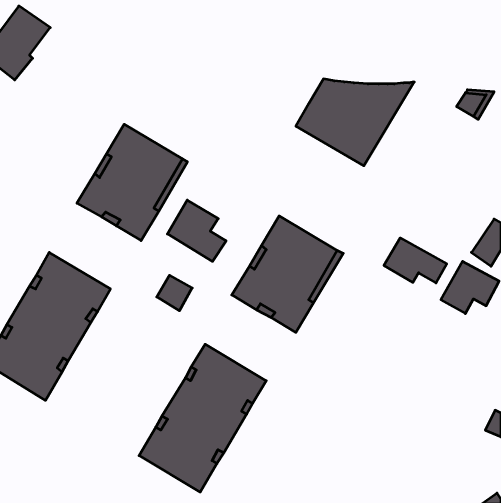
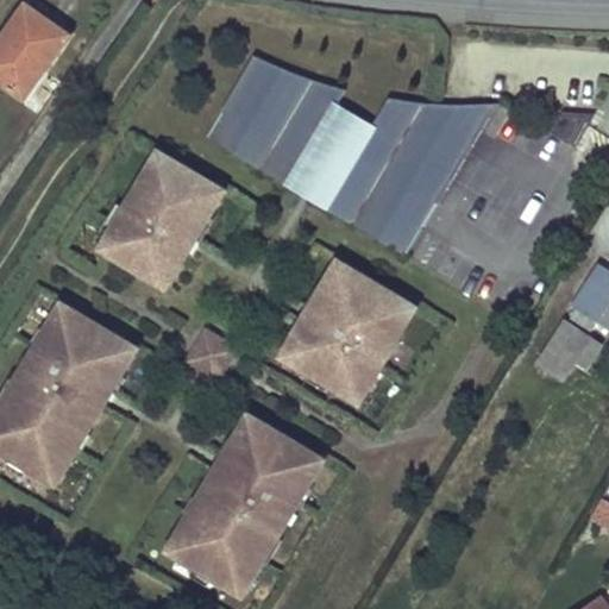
building: none -> [205,55,439,257]
building: [167,200,226,261] -> none
building: [384,238,447,283] -> none

